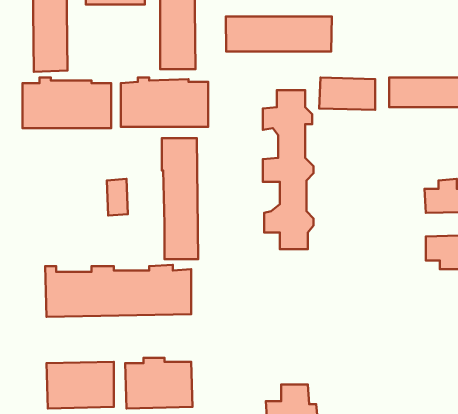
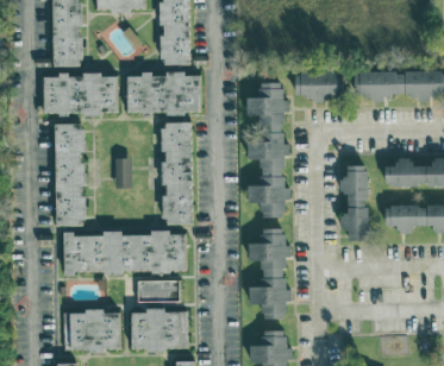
building: [226,17,332,51] -> none
building: none -> [54,124,85,226]
building: none -> [339,165,368,240]
building: none -> [248,228,290,317]
building: none -> [137,279,180,302]

